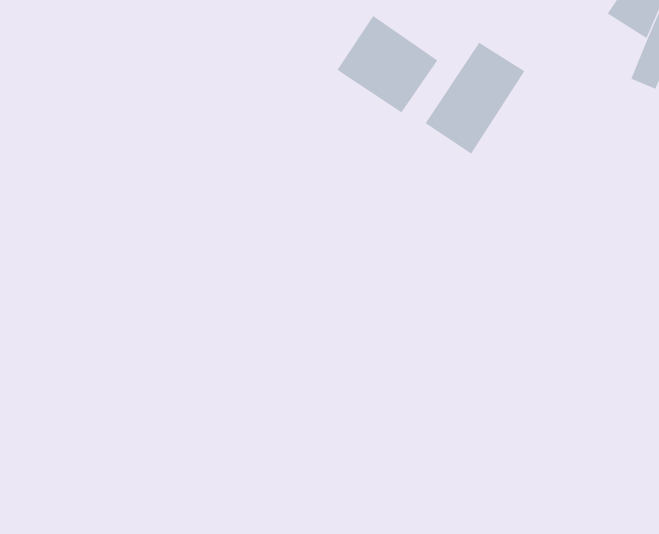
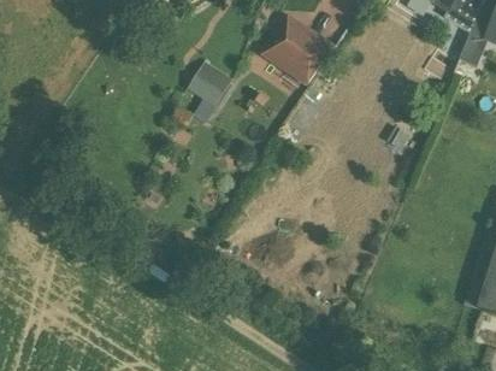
building: [425,42,525,154] -> none
building: none -> [183,58,230,104]

